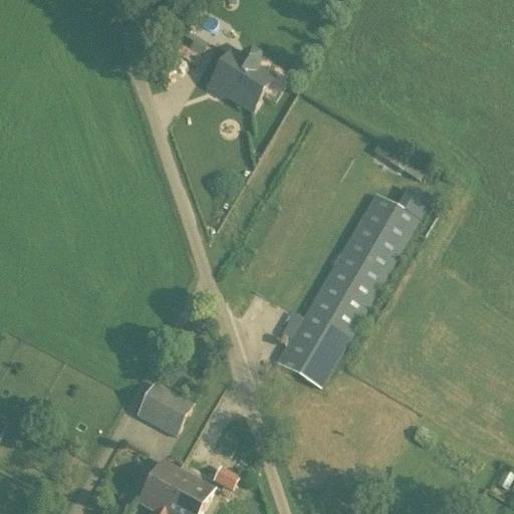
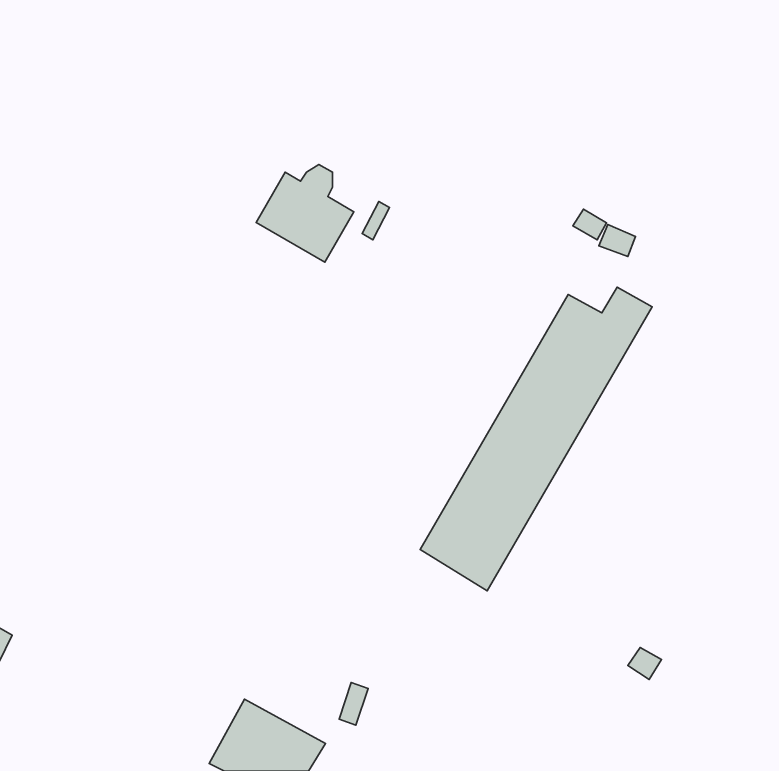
building: [205,46,269,110] -> [256,164,354,262]
building: [136,381,194,437] -> none

